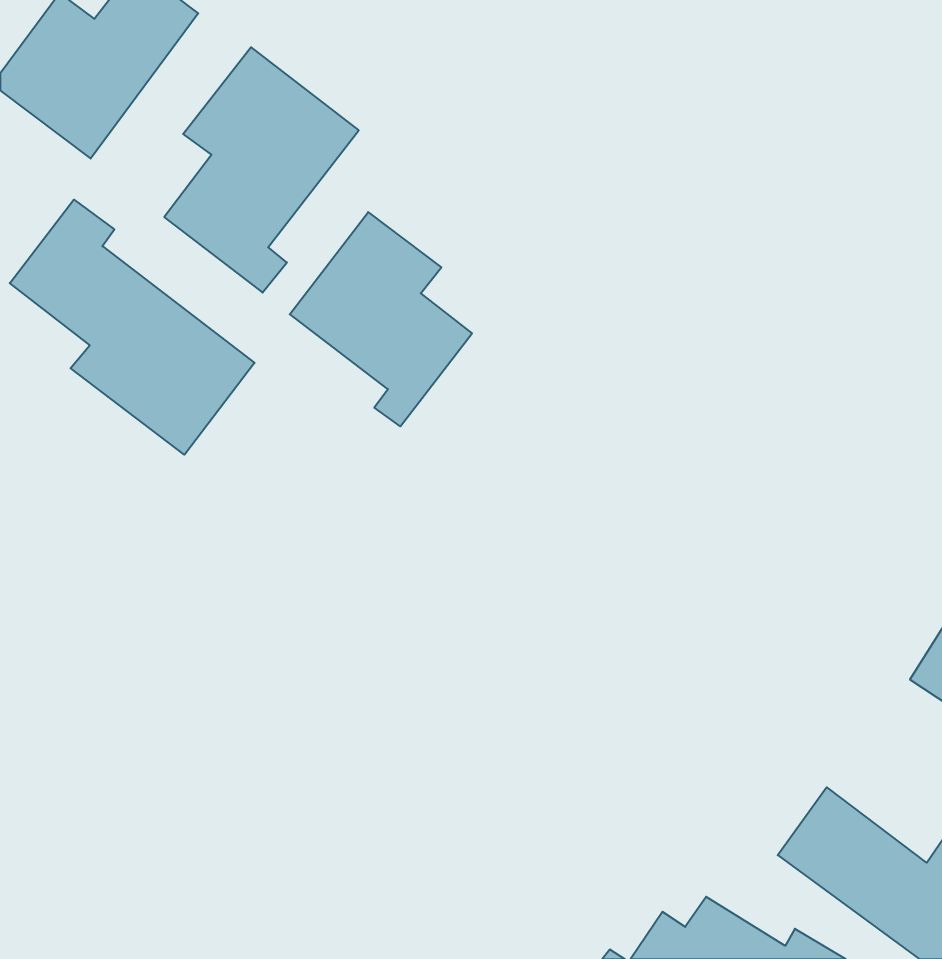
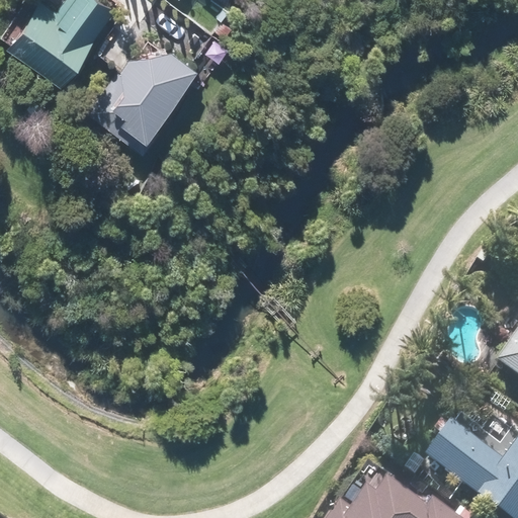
building: [10,200,255,455] -> none
building: [290,212,472,426] -> none

